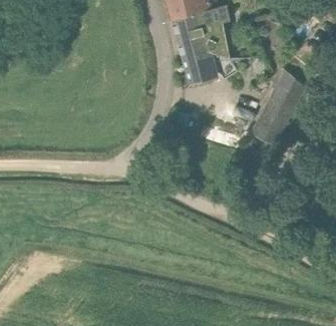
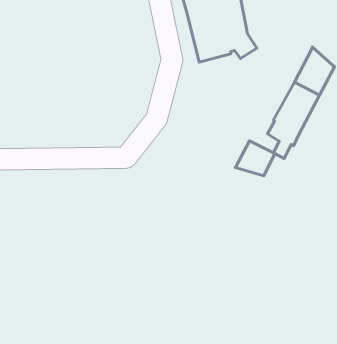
building: none -> [235,141,275,176]

